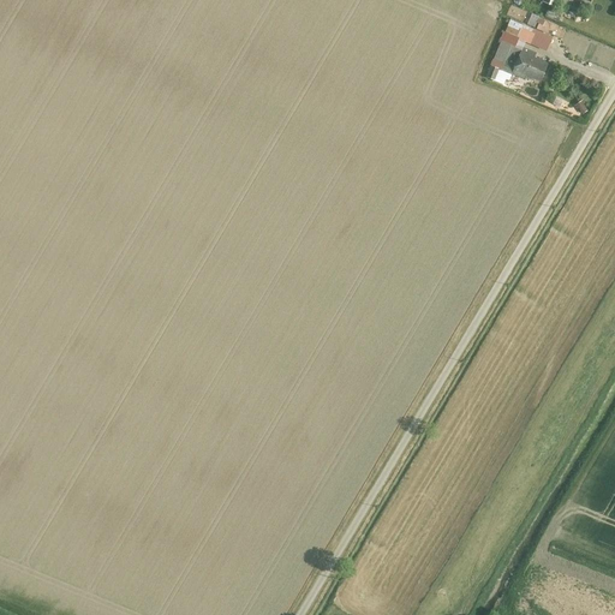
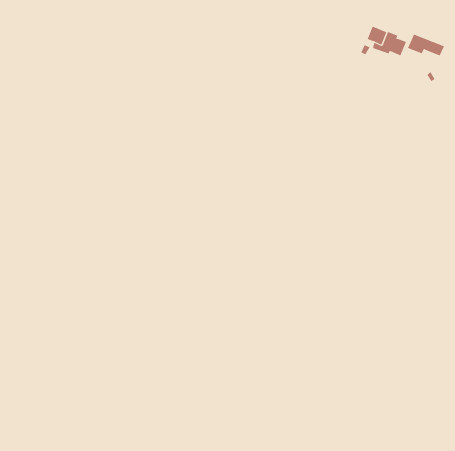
building: [502,20,553,50] -> [407,34,445,56]

